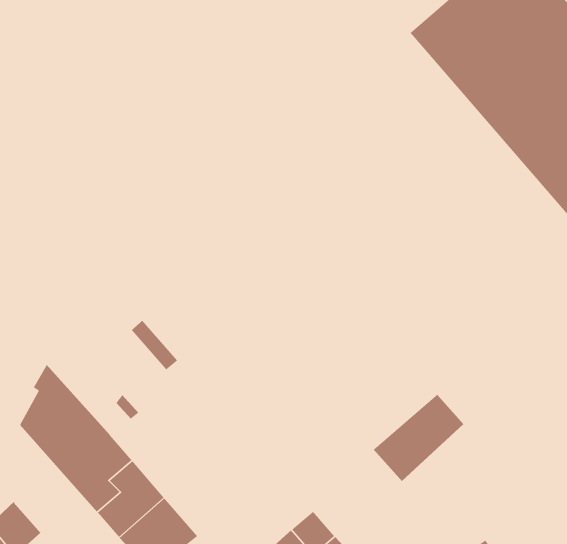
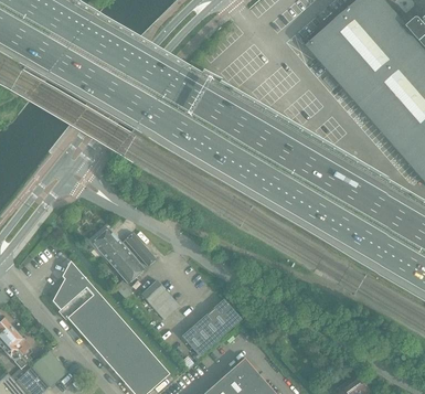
building: none -> [92,226,145,283]
building: none -> [141,279,179,317]
building: [373,394,464,482] -> [181,298,241,355]

